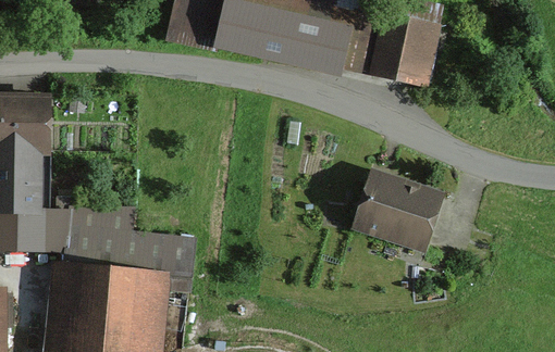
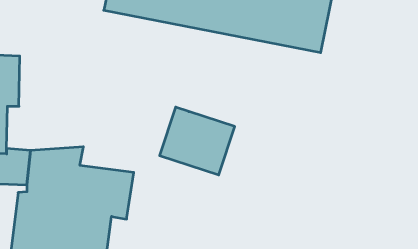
building: [351,167,444,251] -> [160,107,235,175]

